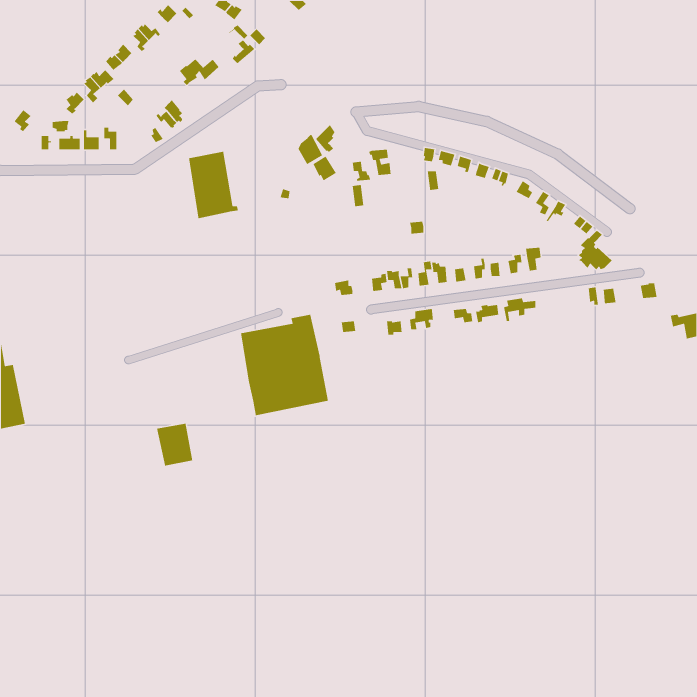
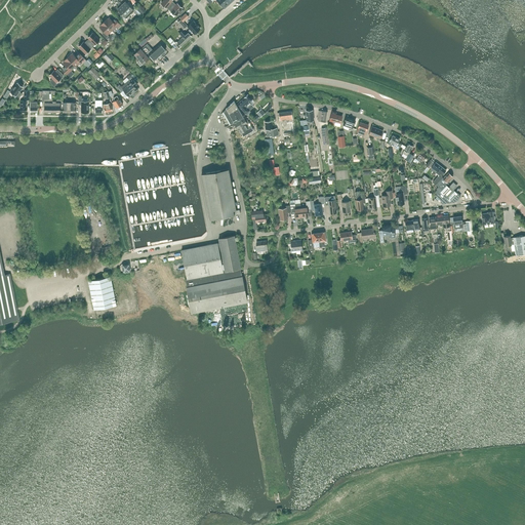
building: [188,151,239,219] -> [202,168,240,219]
building: [156,423,193,466] -> [88,277,116,310]

